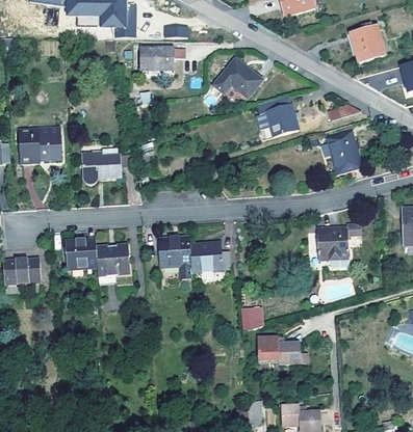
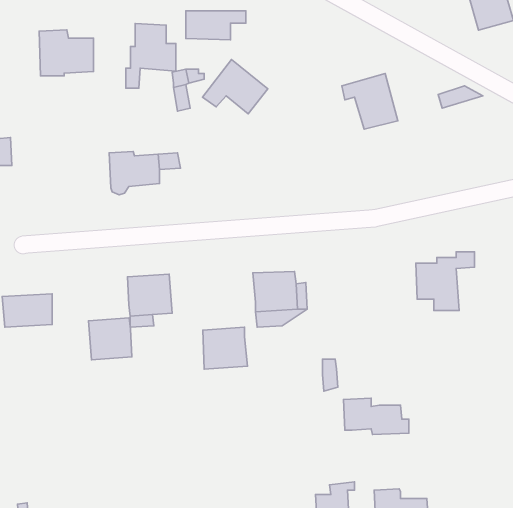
building: [212,57,261,98] -> [202,59,268,114]
building: none -> [126,24,176,88]
building: [19,128,59,162] -> [39,30,93,76]
building: [326,131,361,174] -> none
building: [158,236,191,267] -> [203,327,247,369]
building: [64,238,97,269] -> [89,318,132,360]

